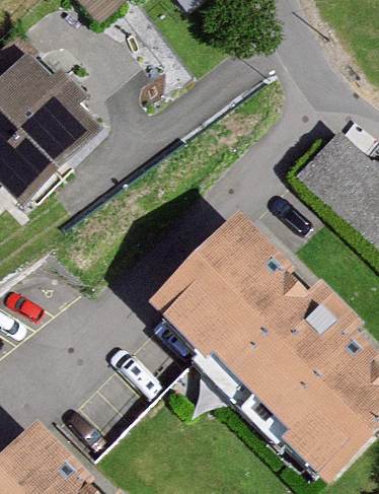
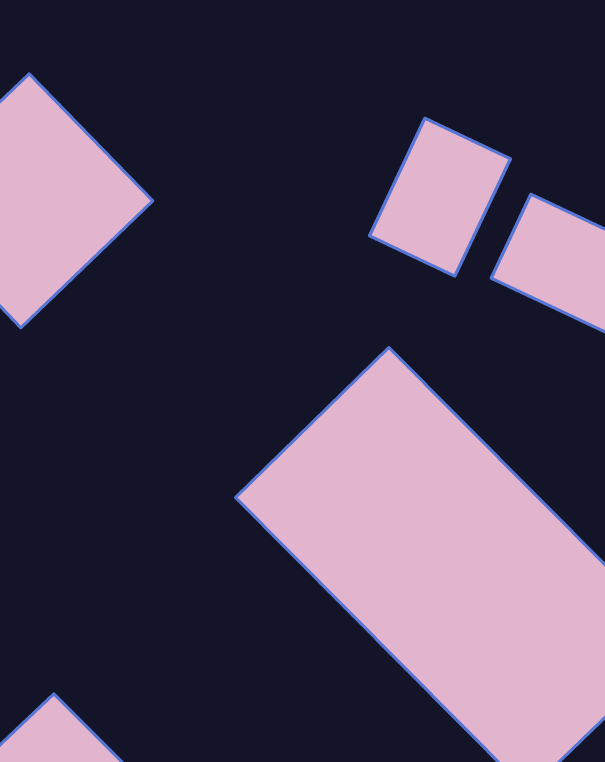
building: none -> [369,118,510,276]

